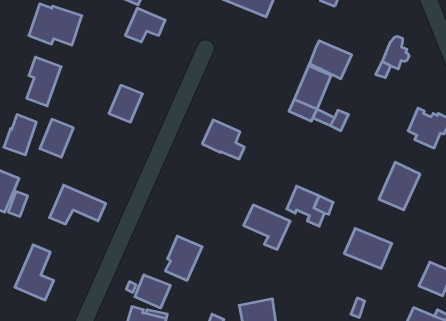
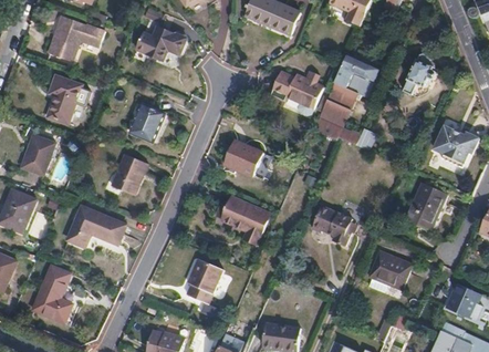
building: none -> [271,68,323,113]
building: [40,119,73,157] -> [114,152,148,190]
building: [244,205,290,249] -> [222,196,270,241]
building: [135,275,170,308] -> none

